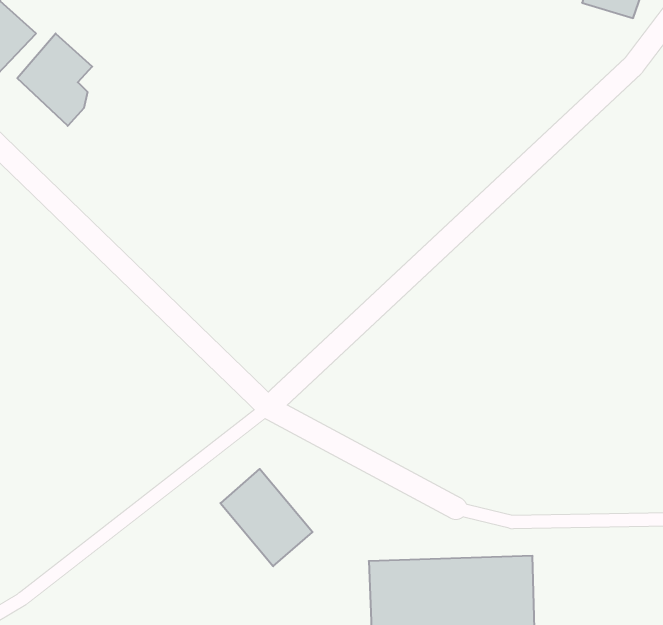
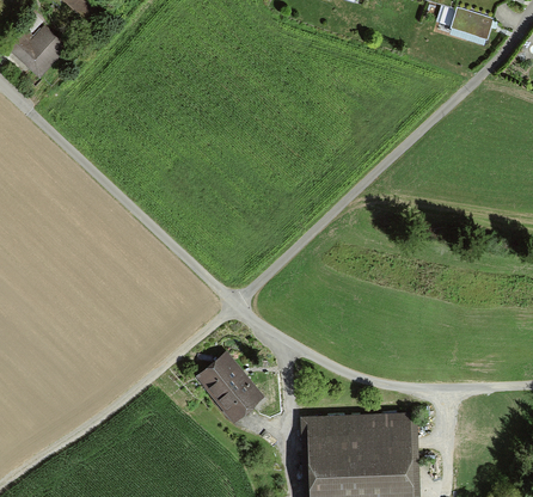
building: [17,33,92,126] -> none

